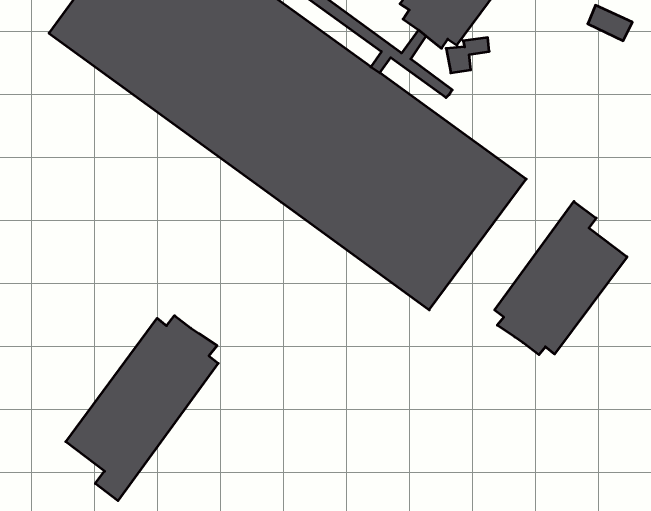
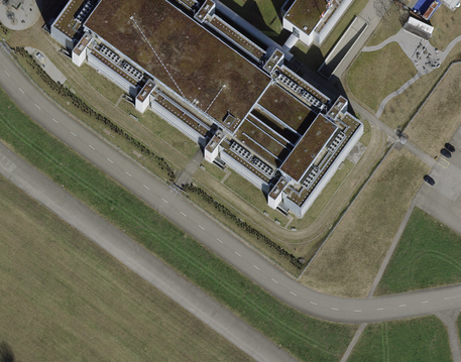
building: [495,201,627,355] -> none
building: [66,316,218,501] -> none

